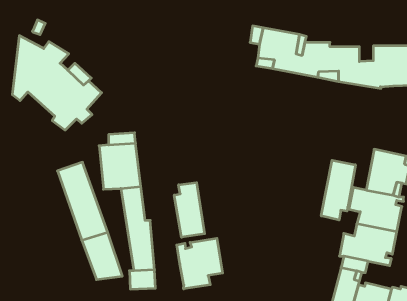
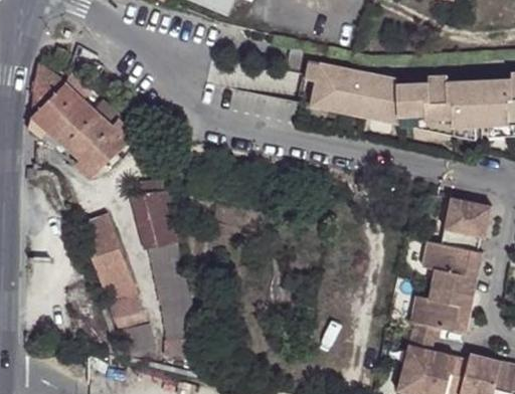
building: [321,160,355,220] -> none
building: [174,183,205,237] -> none
building: [177,238,223,289] -> none

